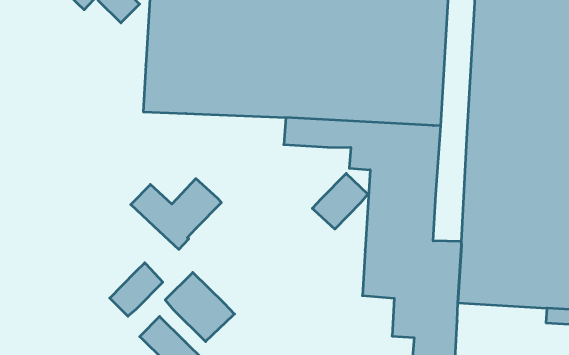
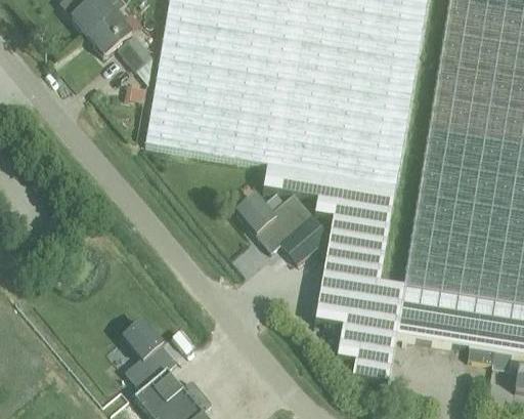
building: [131,179,221,249] -> [236,193,313,251]
building: [110,263,163,316] -> none
building: [165,272,235,342] -> none

